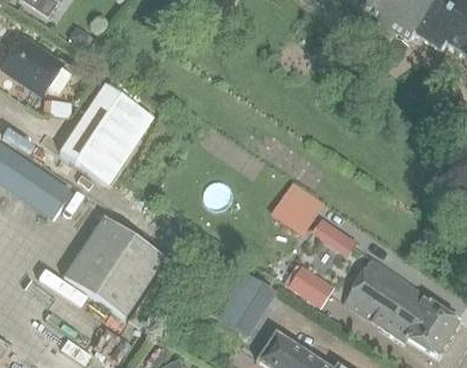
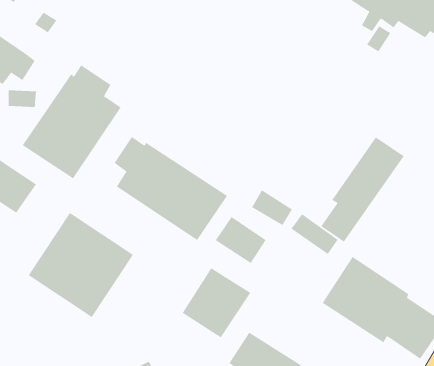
building: none -> [114,136,228,241]
building: none -> [320,137,404,243]
building: [286,264,335,309] -> [215,216,266,264]

